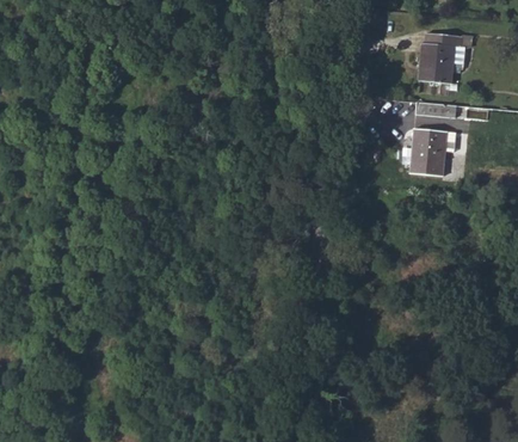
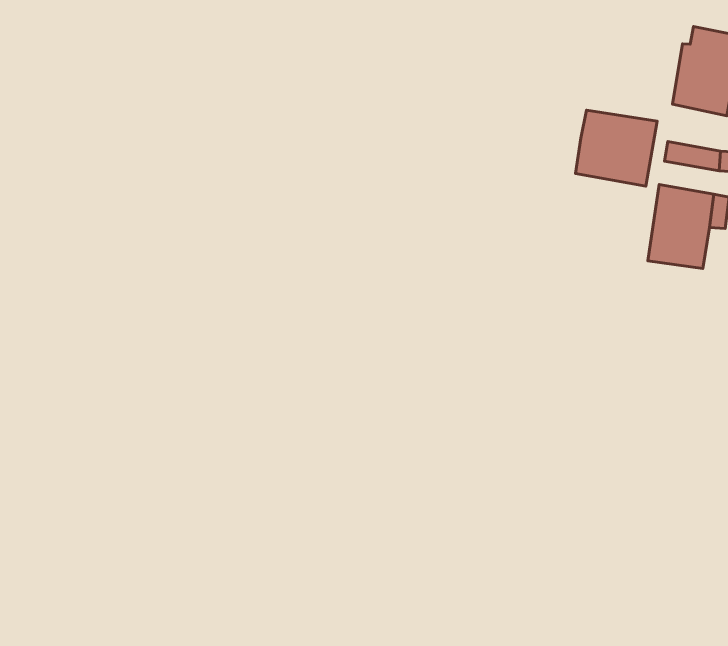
building: none -> [576,110,657,186]

